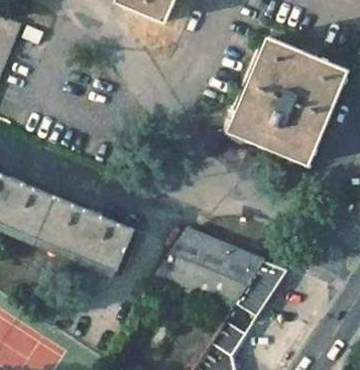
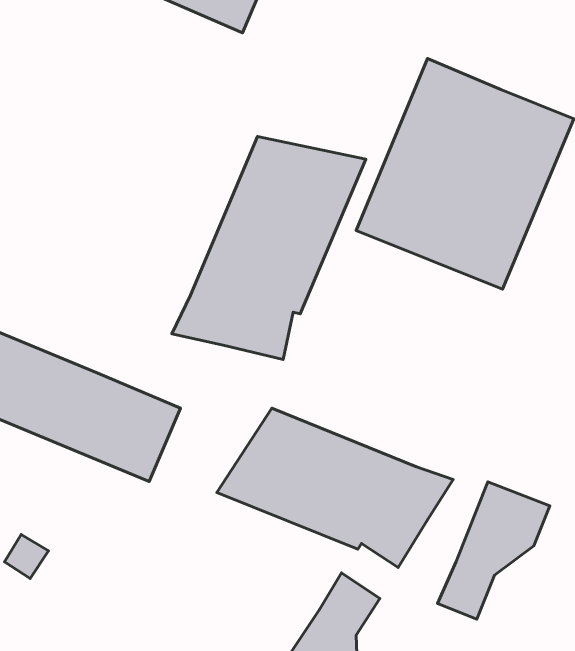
building: none -> [172,137,366,359]
building: none -> [437,482,550,619]

